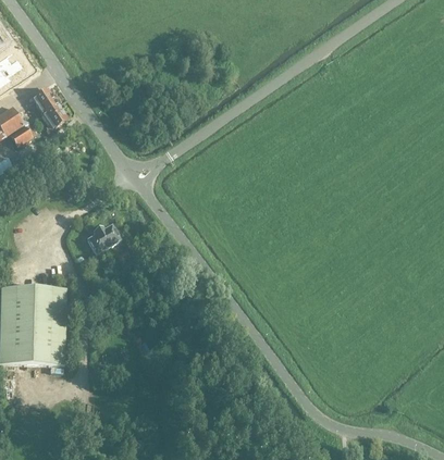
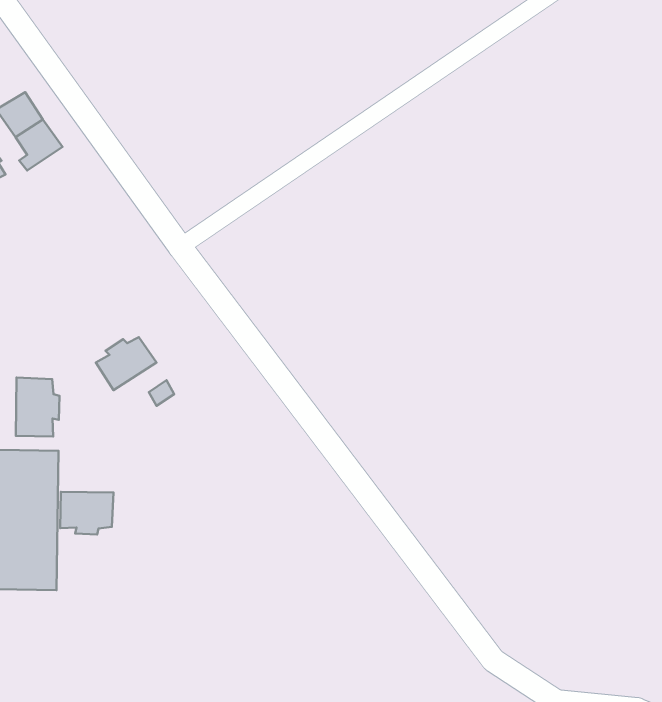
building: none -> [16,377,60,437]
building: none -> [60,492,114,534]

